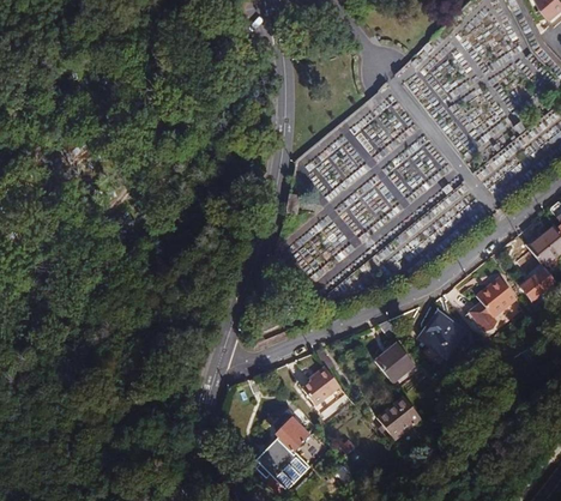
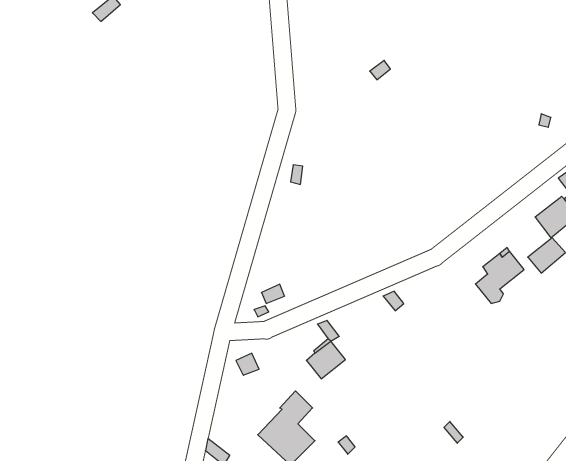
building: [420,310,464,364] -> none
building: [375,343,415,382] -> none
building: [375,396,421,440] -> none

